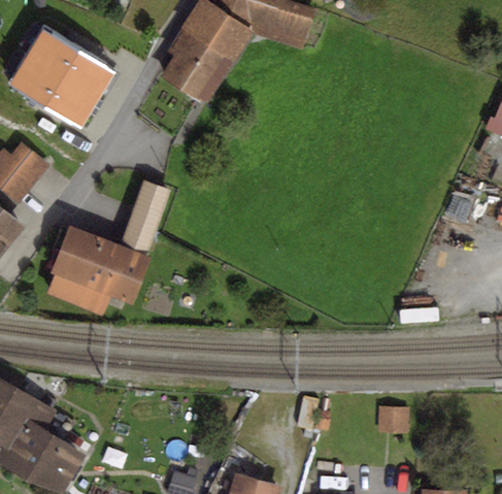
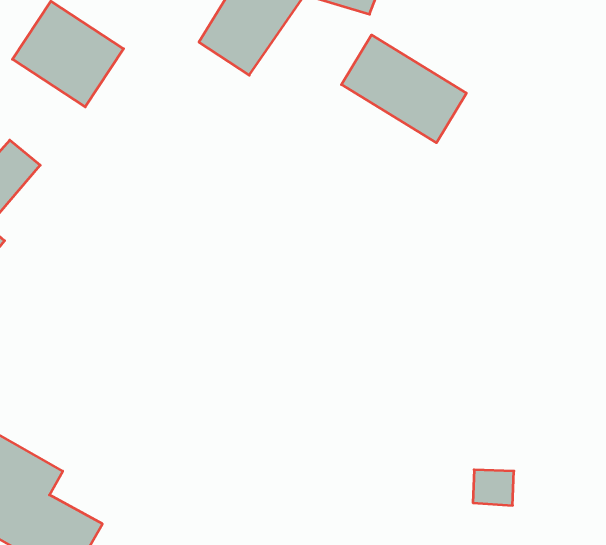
building: none -> [341,35,466,143]
building: [48,190,173,315] -> none

